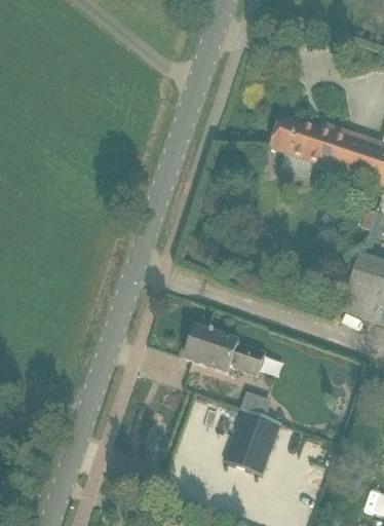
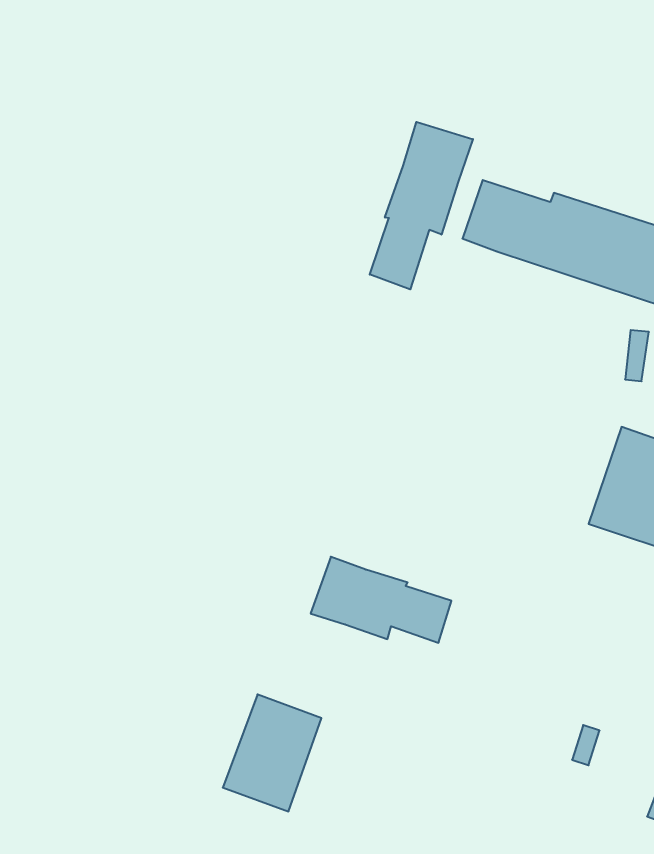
building: none -> [370,122,473,289]
building: [225,407,280,473] -> [223,694,321,811]

